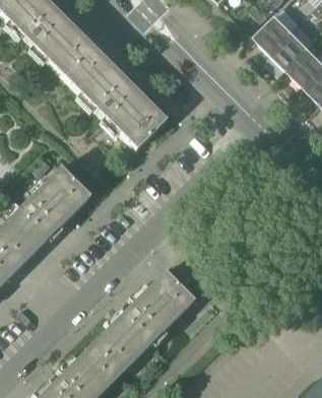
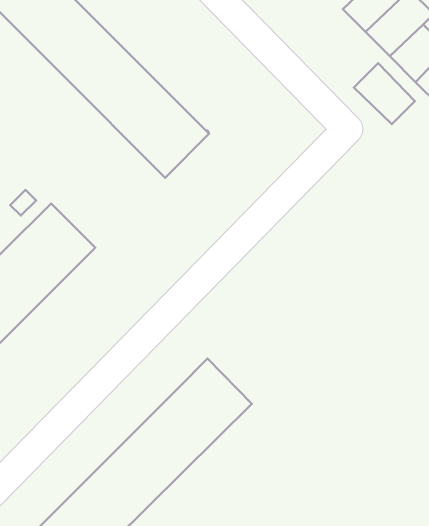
building: none -> [354,63,415,124]

